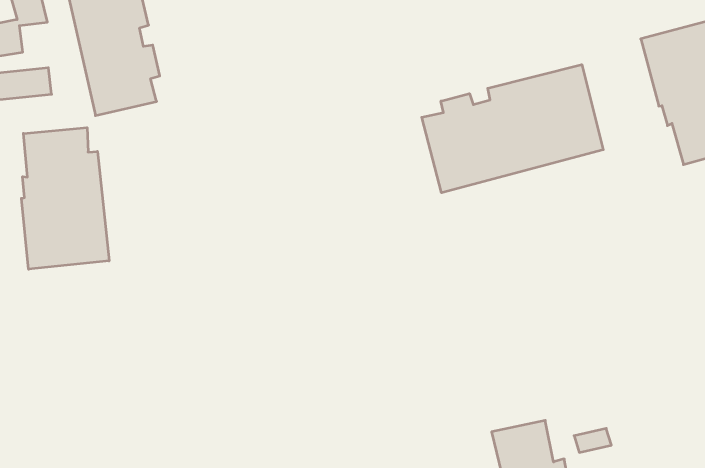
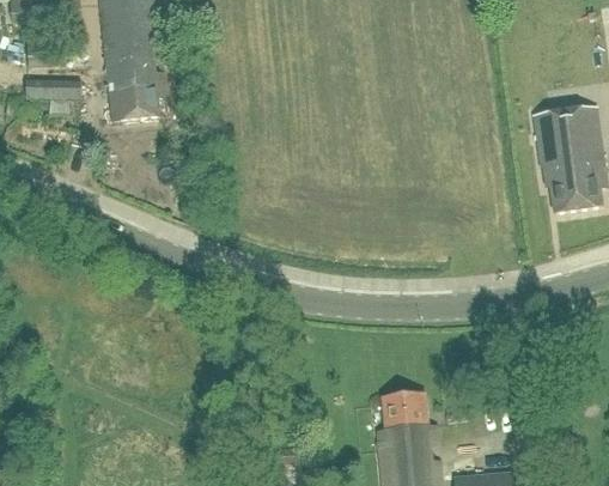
building: [422,65,603,193] -> none
building: [21,128,109,269] -> none

